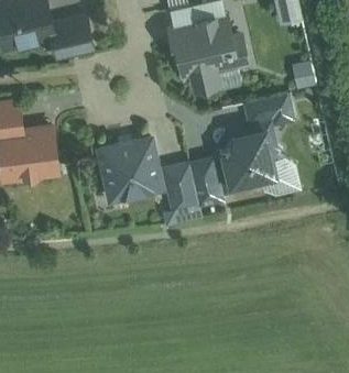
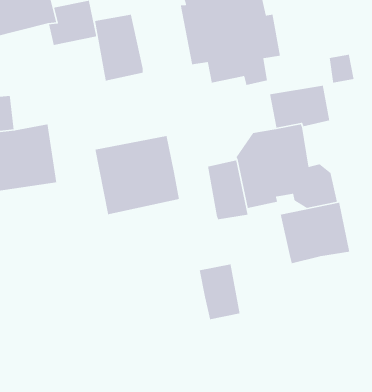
building: none -> [94,14,144,82]
building: [161,161,196,209] -> [199,263,240,320]
building: none -> [280,202,350,264]

